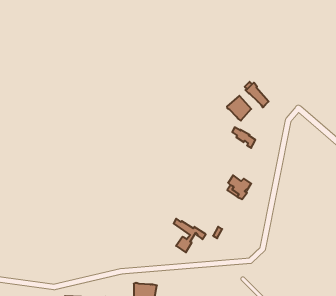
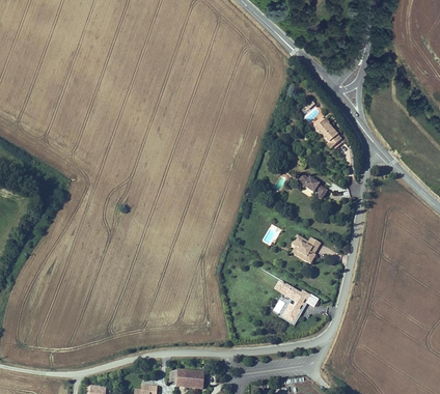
building: [227,96,251,121] -> none
building: [174,219,206,252] -> [276,281,317,323]

